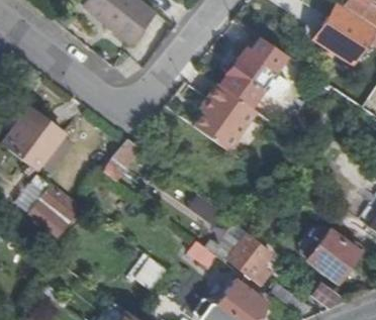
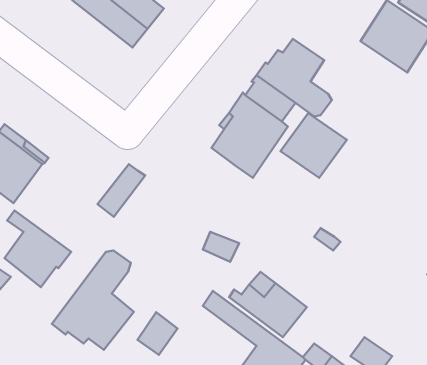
building: none -> [281,113,347,178]
building: none -> [52,250,134,350]
building: [308,229,360,283] -> none

